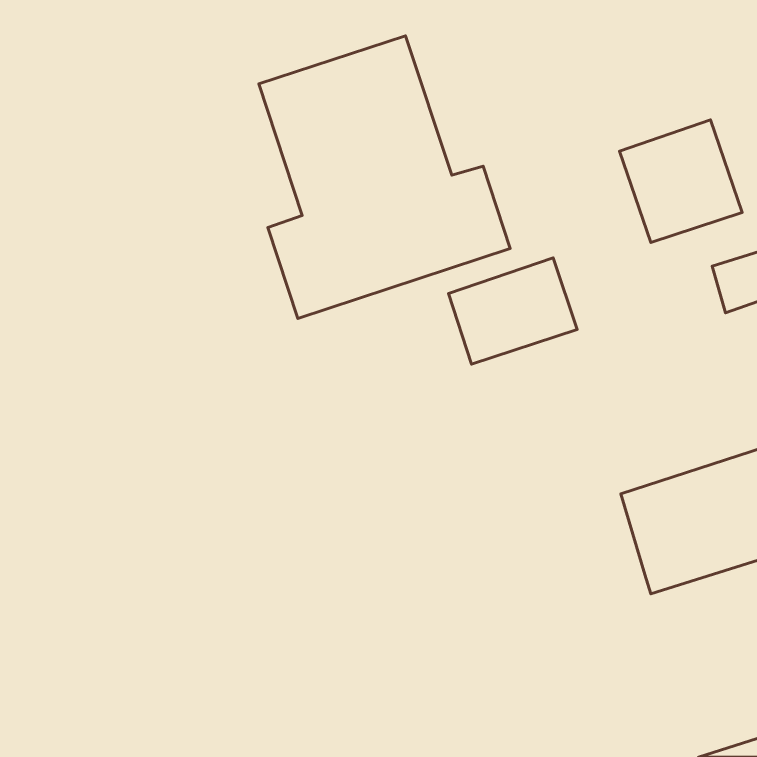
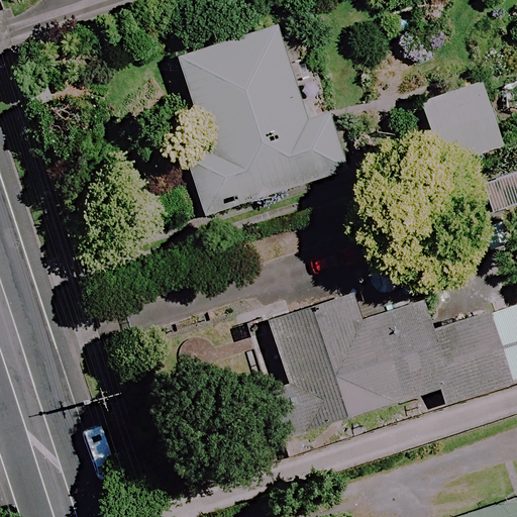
building: [448,258,577,364] -> none
building: none -> [257,293,440,440]

